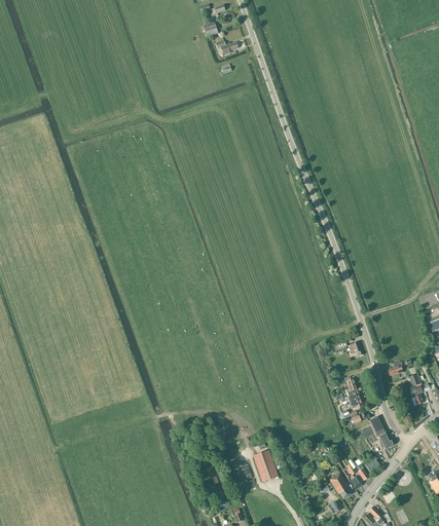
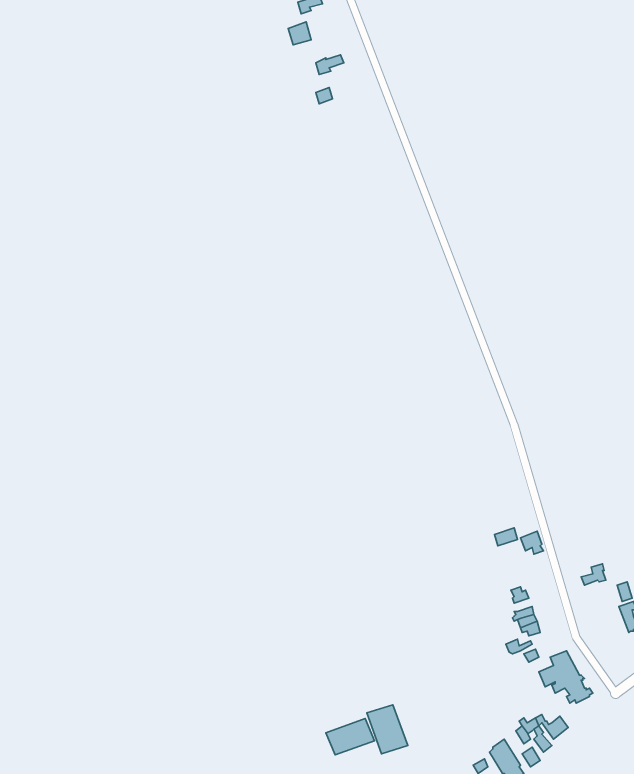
building: none -> [326,719,374,755]

